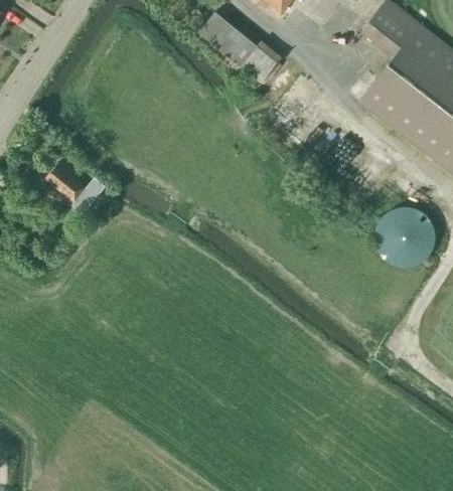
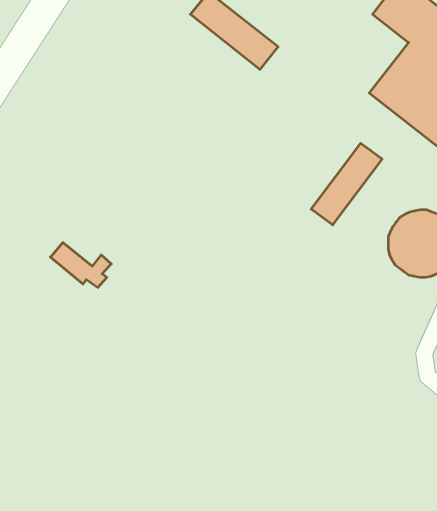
building: none -> [311,143,382,225]
building: [45,164,100,204] -> [50,243,111,287]

